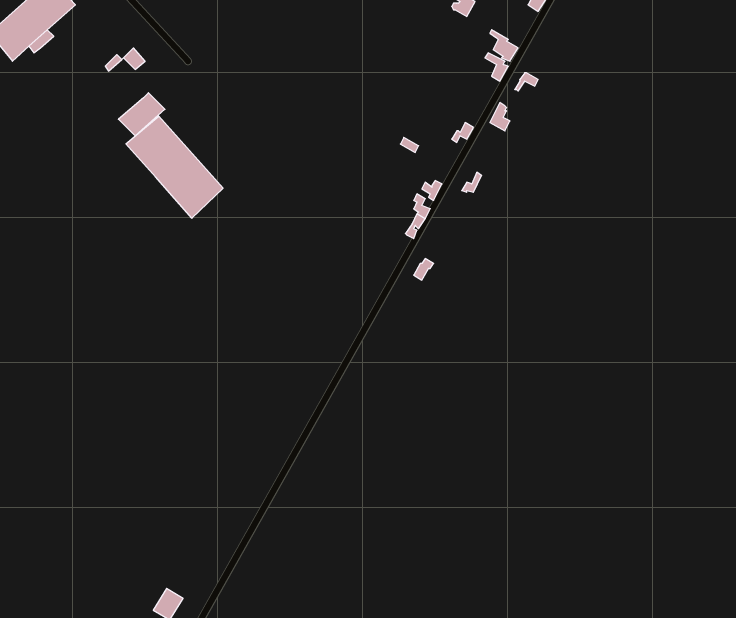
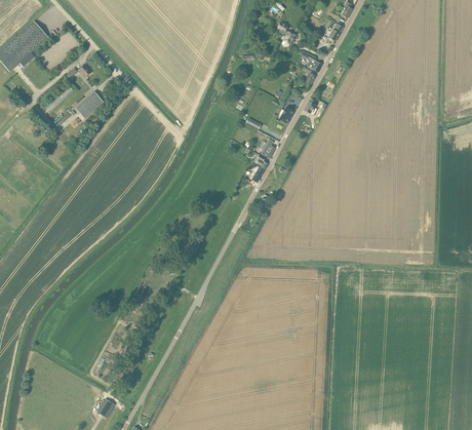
building: [126,116,223,218] -> none

